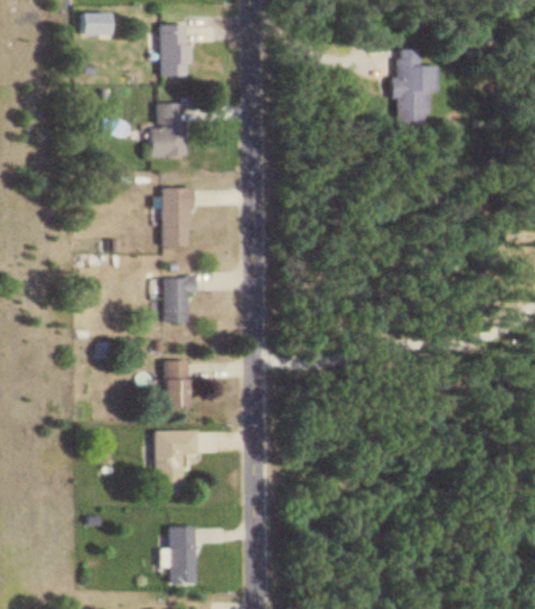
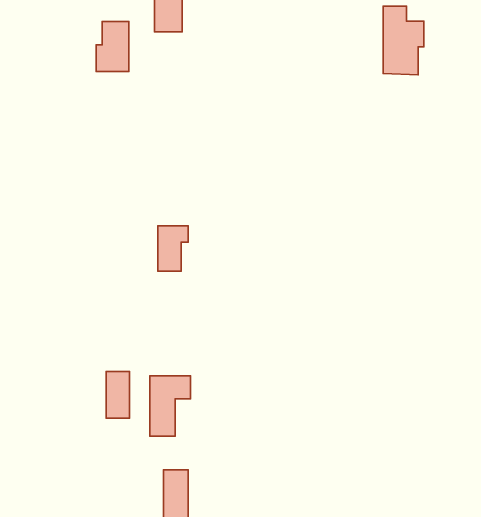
building: [151,104,184,156] -> [96,22,129,72]
building: [163,188,191,246] -> none
building: [165,361,189,409] -> [106,372,129,418]

